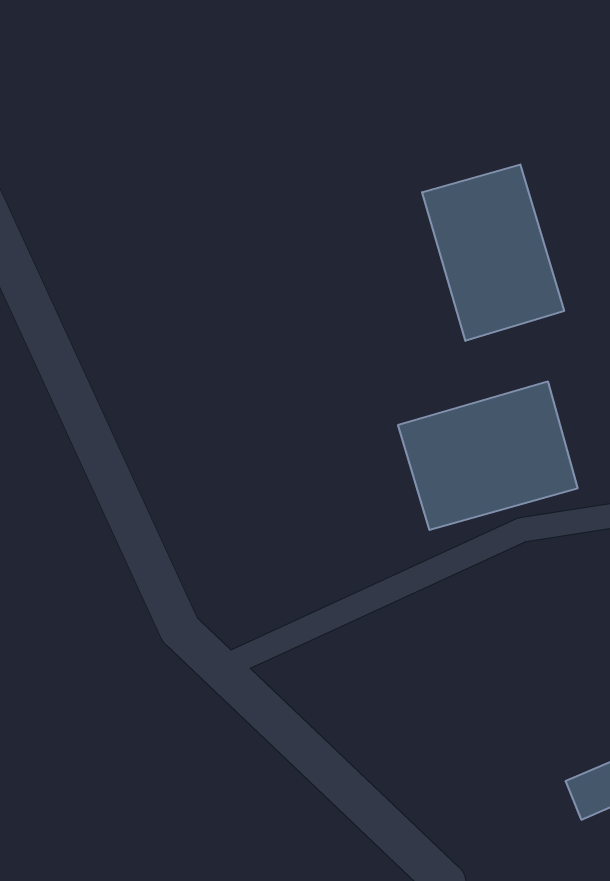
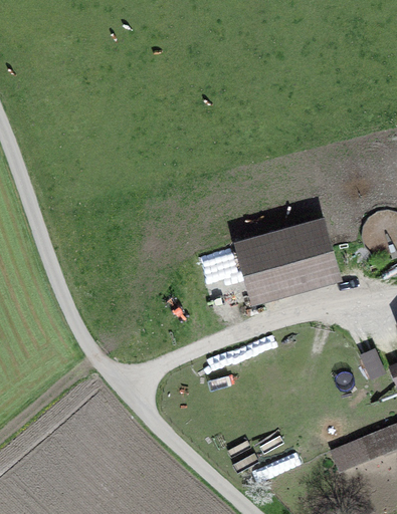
building: [422,164,564,341] -> none

